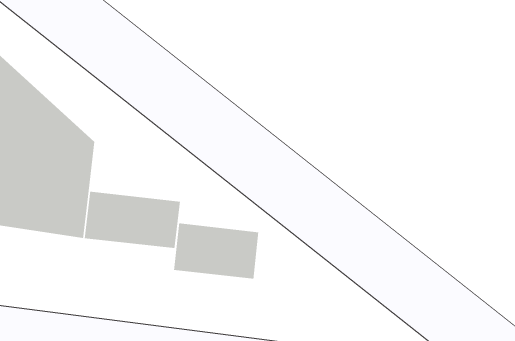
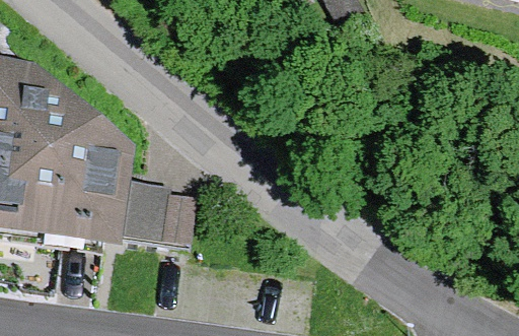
building: [173,223,259,280] -> none

